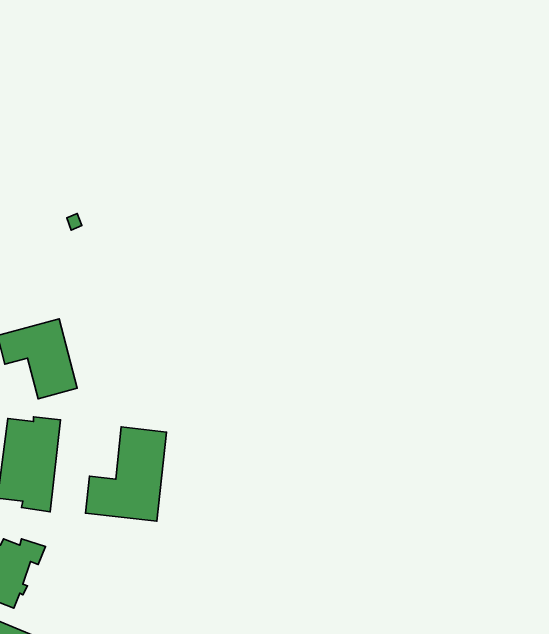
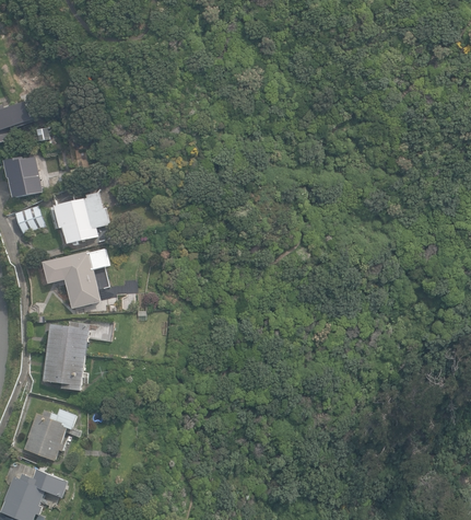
building: none -> [54,193,109,245]
building: [86,427,167,521] -> none

